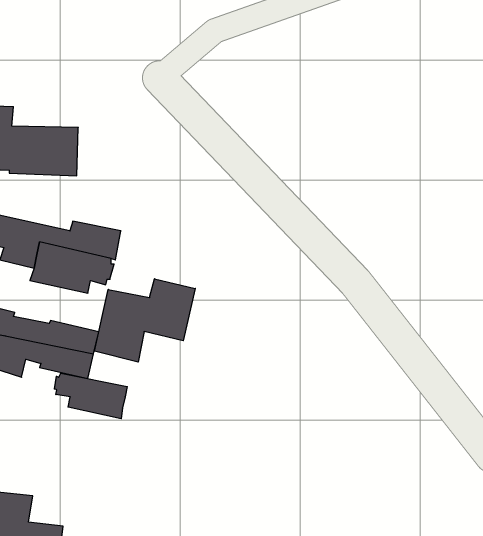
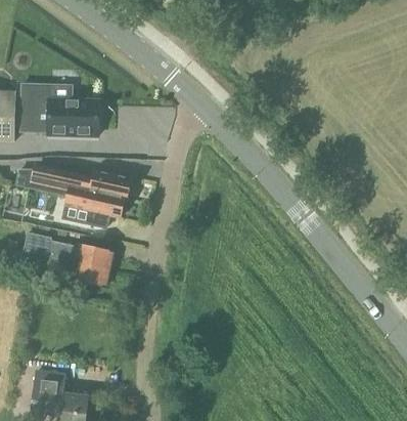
building: [94,279,195,362] -> none
building: [54,373,127,419] -> none

